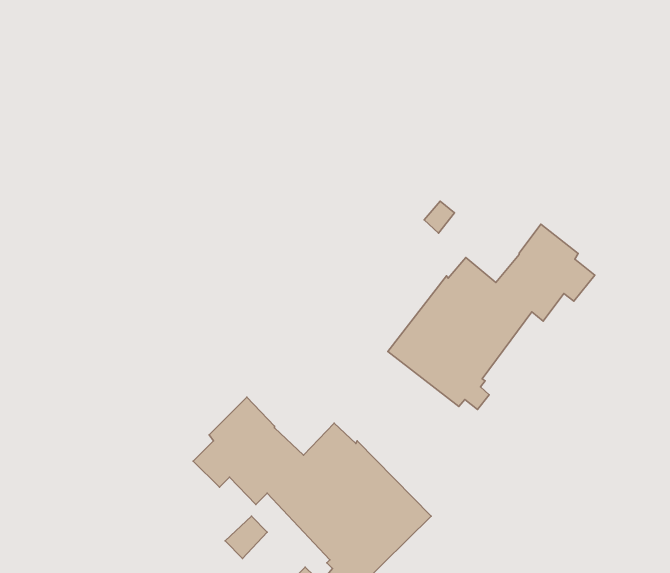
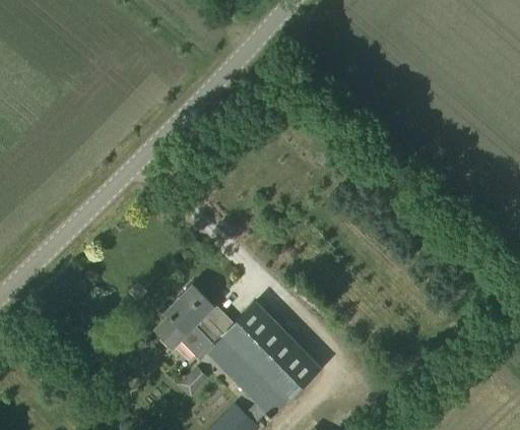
building: [388,224,595,410] -> none

